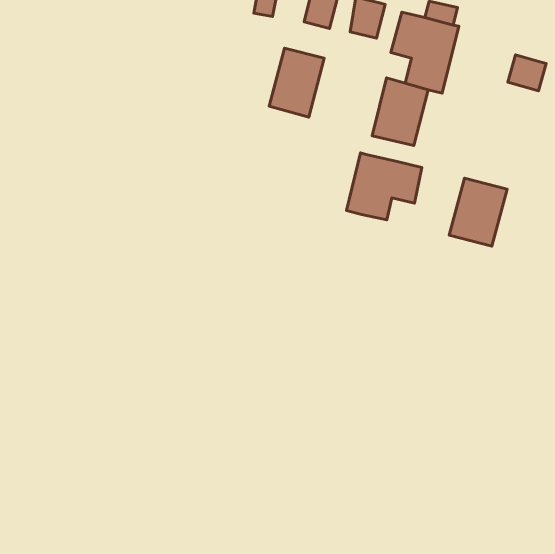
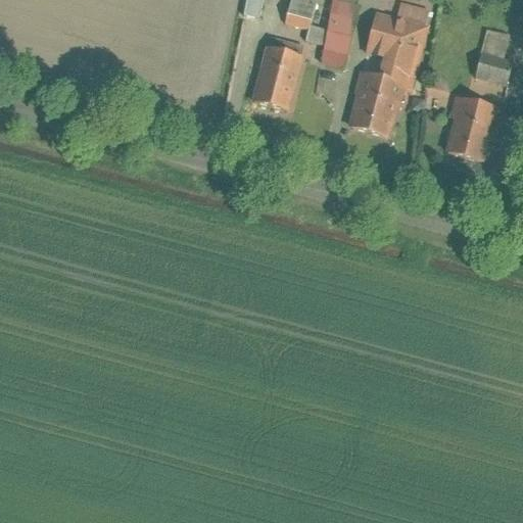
building: none -> [481,28,509,57]
building: none -> [321,30,351,65]
building: [346,153,422,220] -> none
building: [449,178,507,246] -> [446,98,501,161]

